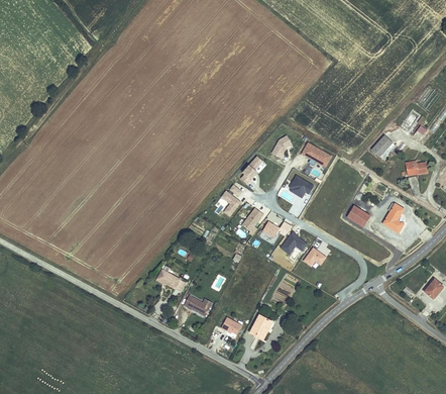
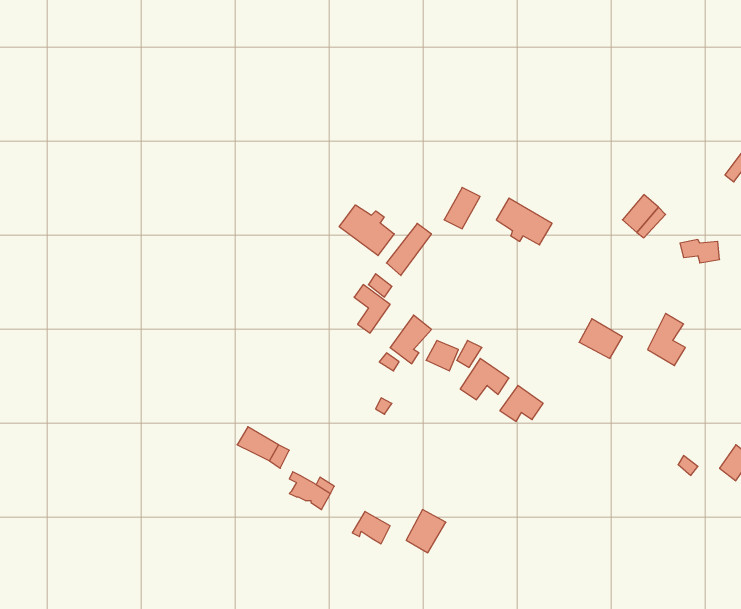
building: none -> [339,205,394,256]
building: [288,174,315,197] -> none

